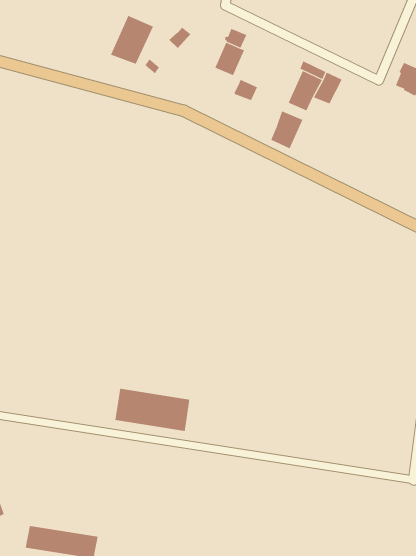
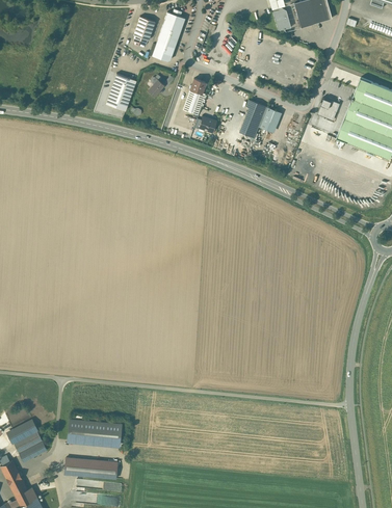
building: [271,110,303,149] -> none
building: [115,388,190,431] -> [67,419,122,448]

